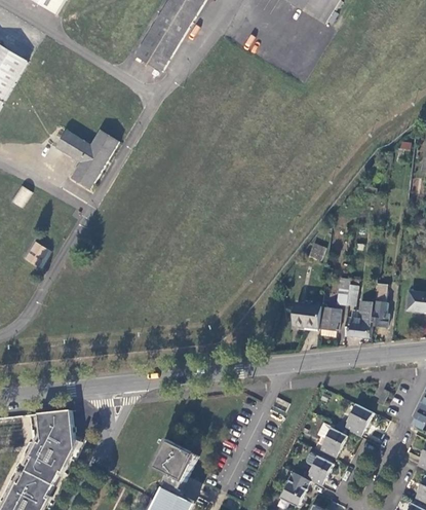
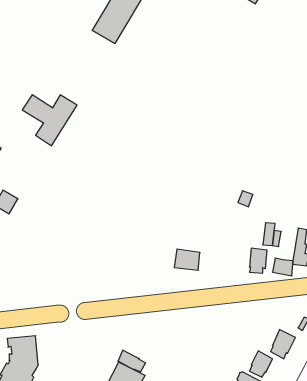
building: [291,303,320,328] -> [174,249,200,270]
building: none -> [118,350,145,372]

